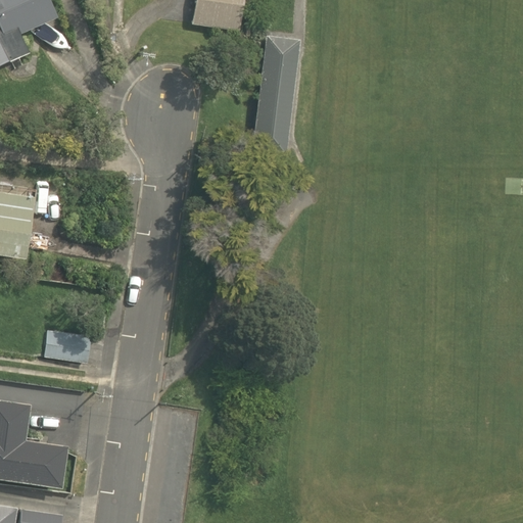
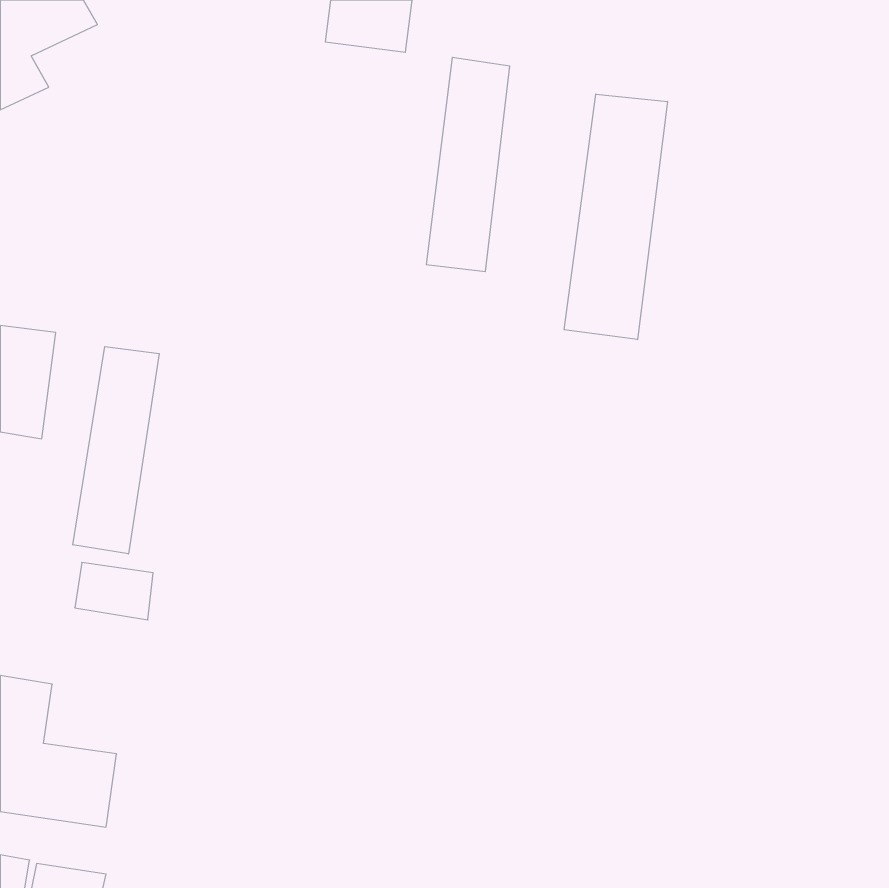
building: none -> [564,94,667,340]
building: none -> [73,347,159,554]

